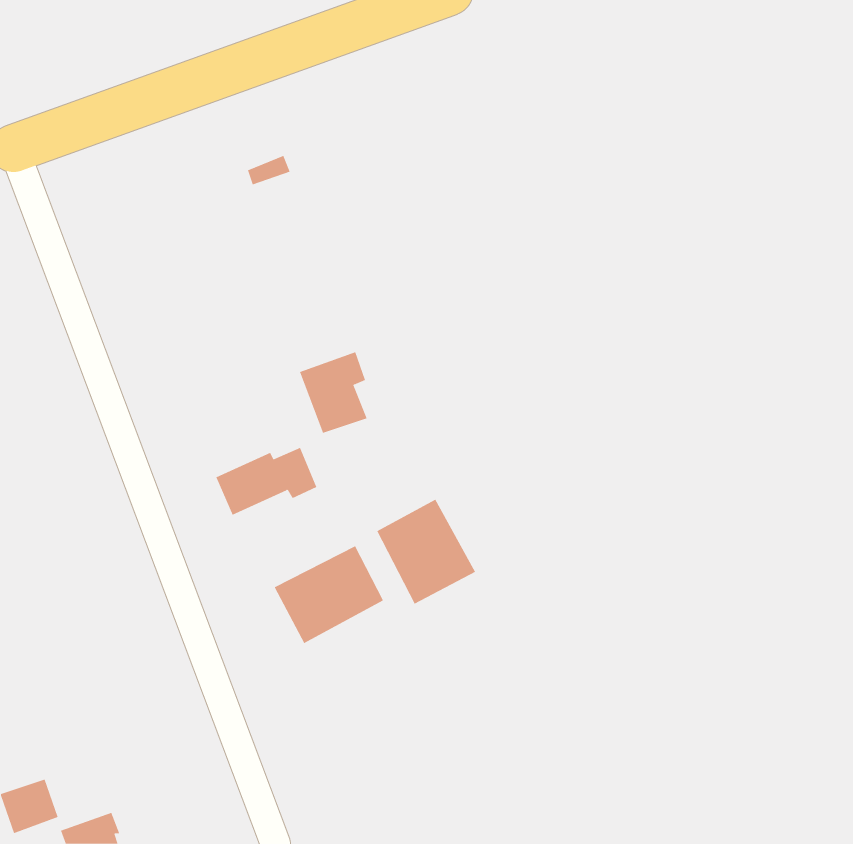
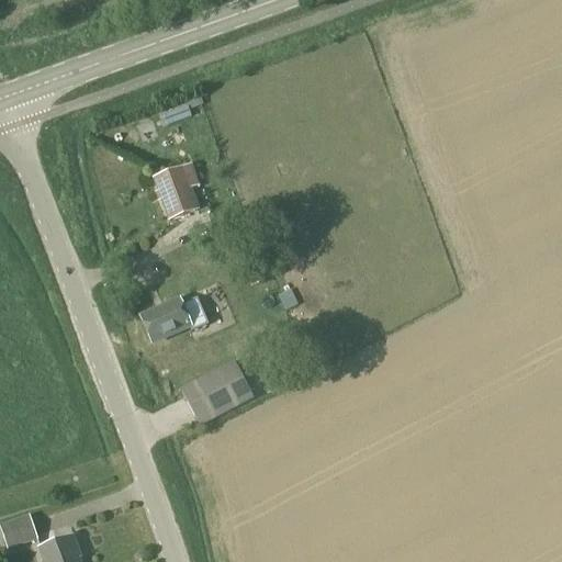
building: [299,352,368,433] -> [154,164,199,217]
building: [377,499,476,604] -> none

